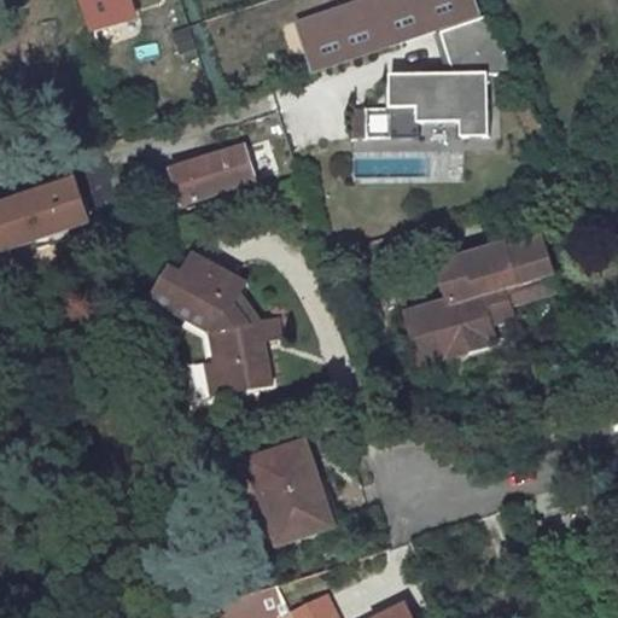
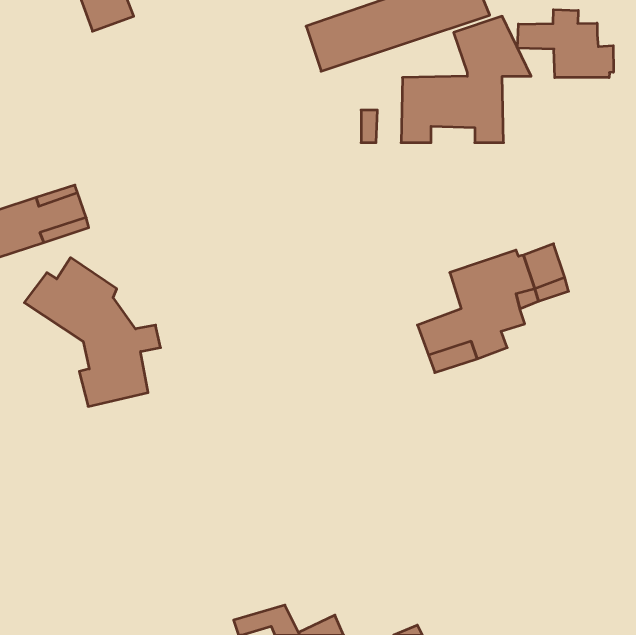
building: none -> [518,10,613,78]
building: [170,145,251,202] -> none
building: [164,257,296,401] -> [24,258,161,406]
building: [247,443,330,546] -> none

